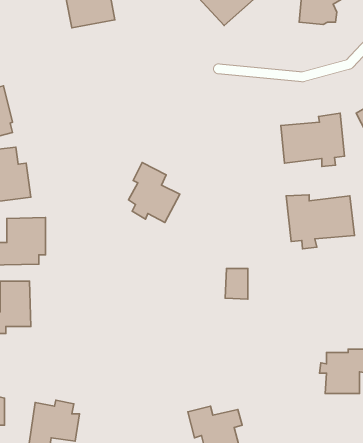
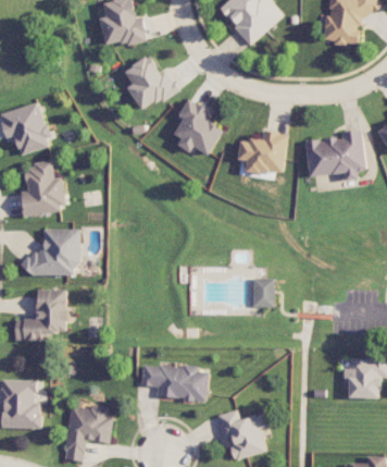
building: none -> [123,56,177,113]
building: none -> [236,132,287,175]
building: [129,162,180,223] -> [173,99,222,157]
building: [286,195,355,249] -> none
building: none -> [139,364,208,402]

